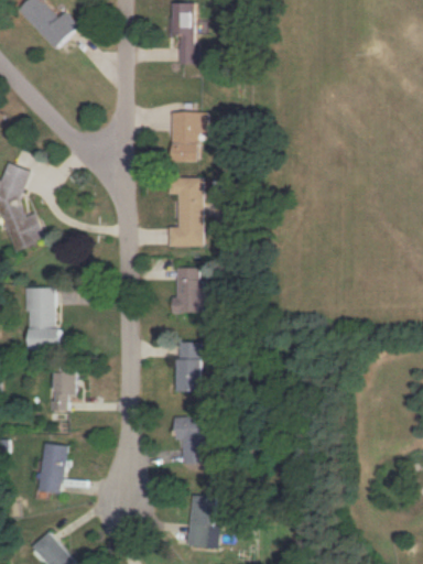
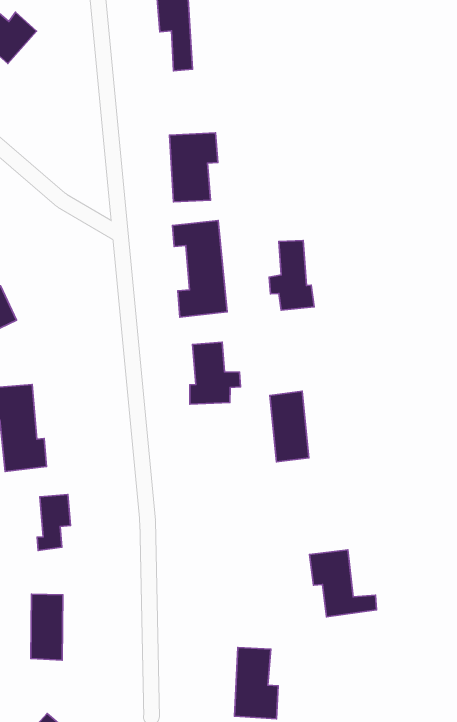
building: none -> [269,240,314,310]
building: [175,341,200,392] -> [270,391,309,462]
building: [172,415,218,464] -> [310,550,377,617]

